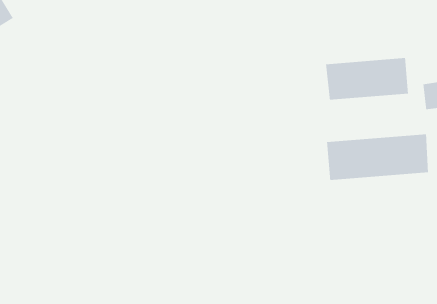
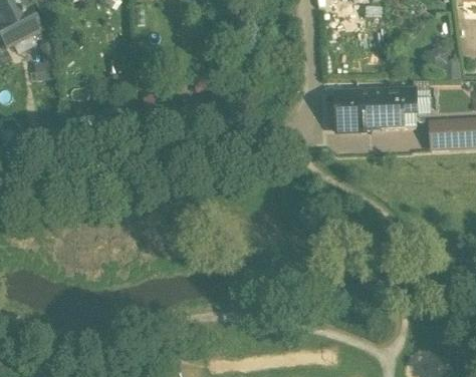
building: [326,133,429,181] -> none

